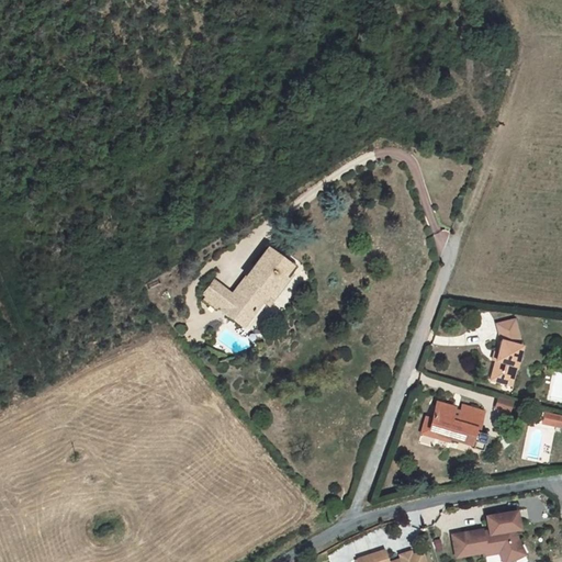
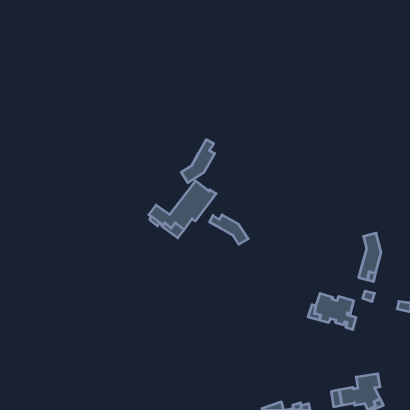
building: none -> [181,140,215,183]
building: none -> [210,215,248,244]

